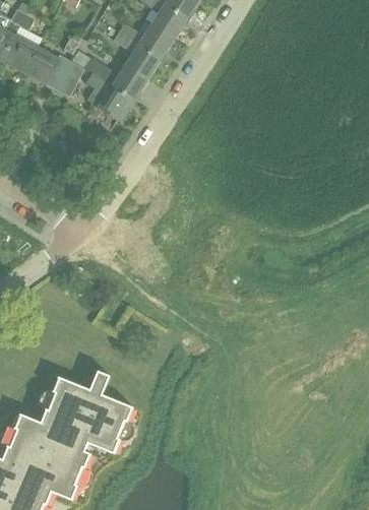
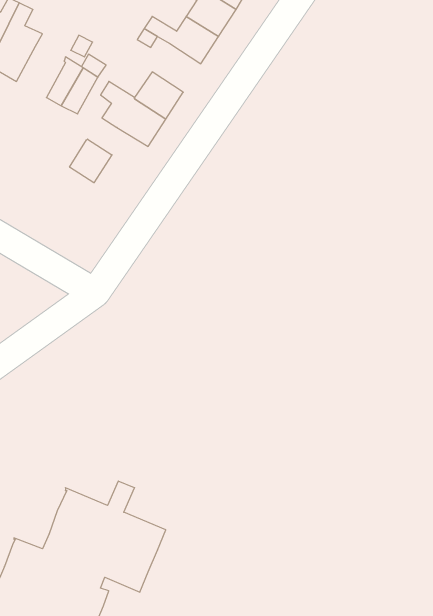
building: [123,44,160,80] -> none
building: [21,46,58,84] -> none
building: none -> [70,139,112,183]

